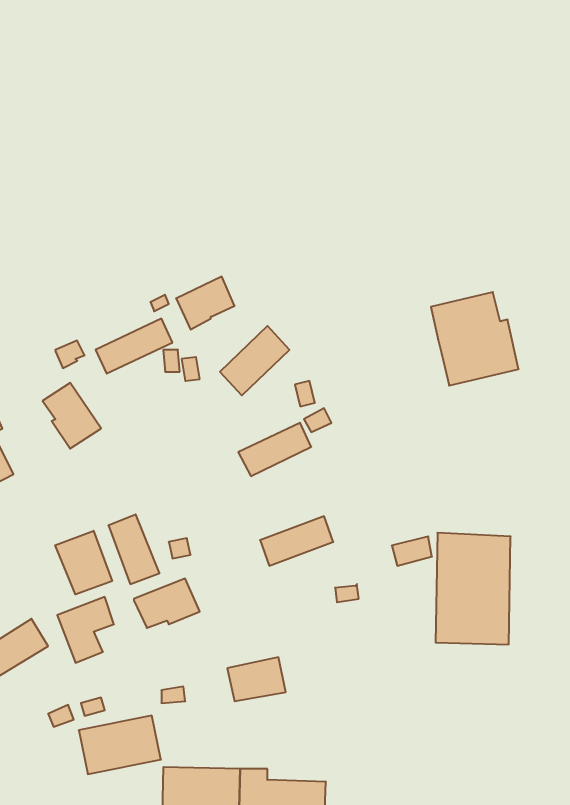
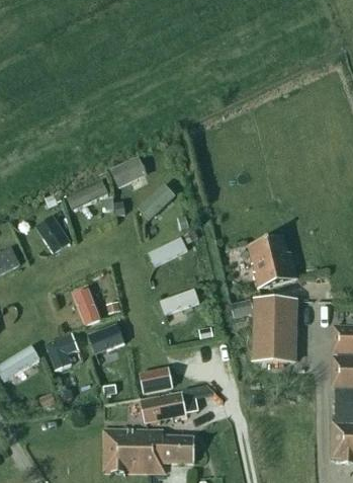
building: [431,292,519,386] -> [249,233,297,285]
building: [55,531,112,594] -> none
building: [79,716,161,774] -> [140,389,185,421]

